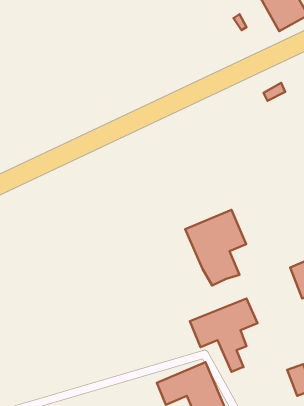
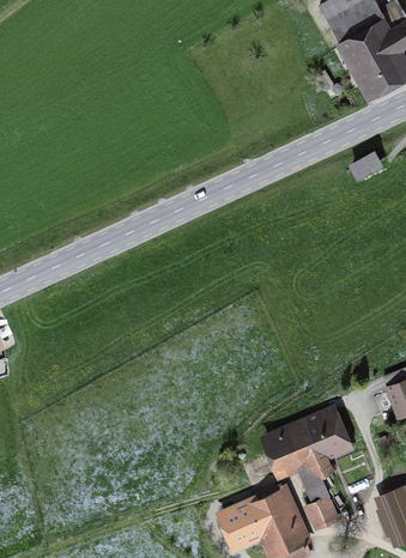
building: [185,210,246,286] -> none
building: none -> [305,497,335,528]

